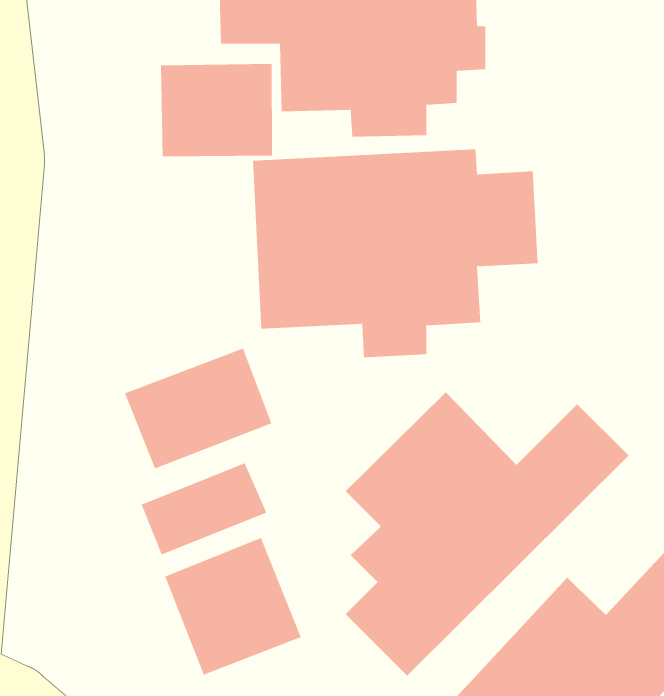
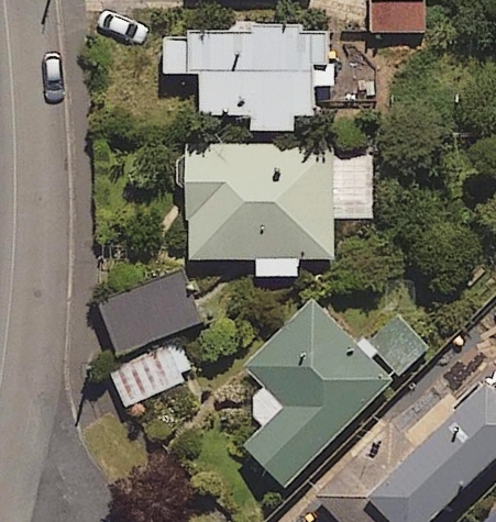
building: [160,63,273,157] -> none
building: [164,537,301,676] -> none

